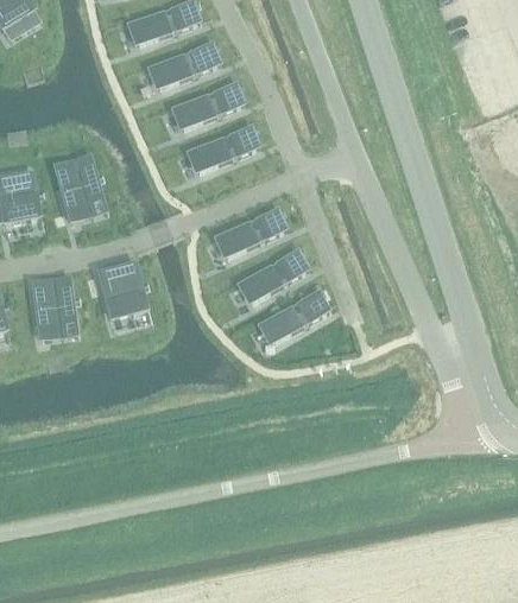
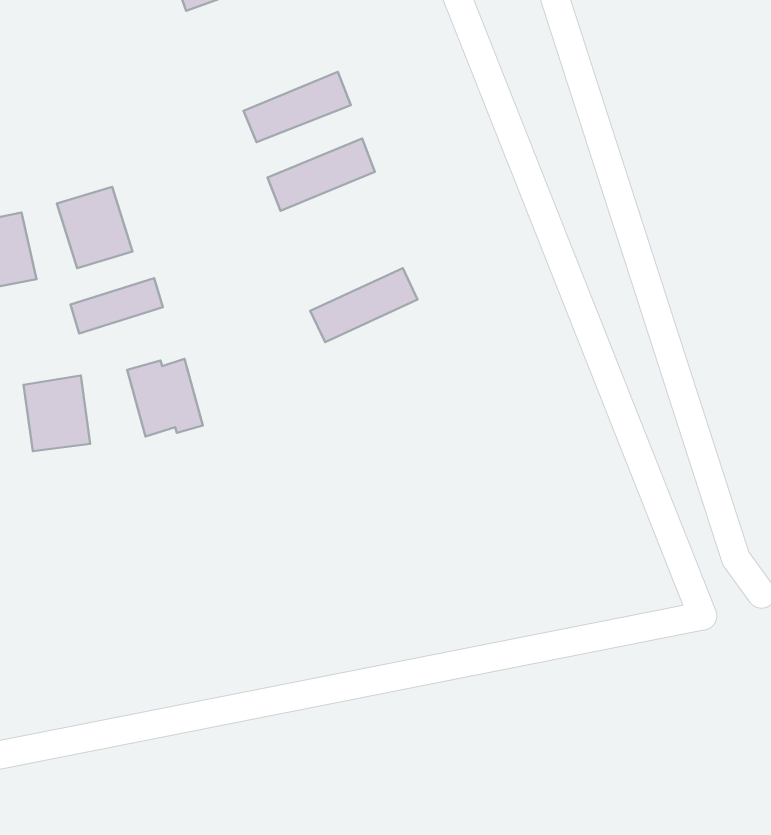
building: [150,43,219,88] -> none
building: none -> [70,278,163,333]
building: [239,250,308,303] -> none
building: [260,291,328,343] -> none

